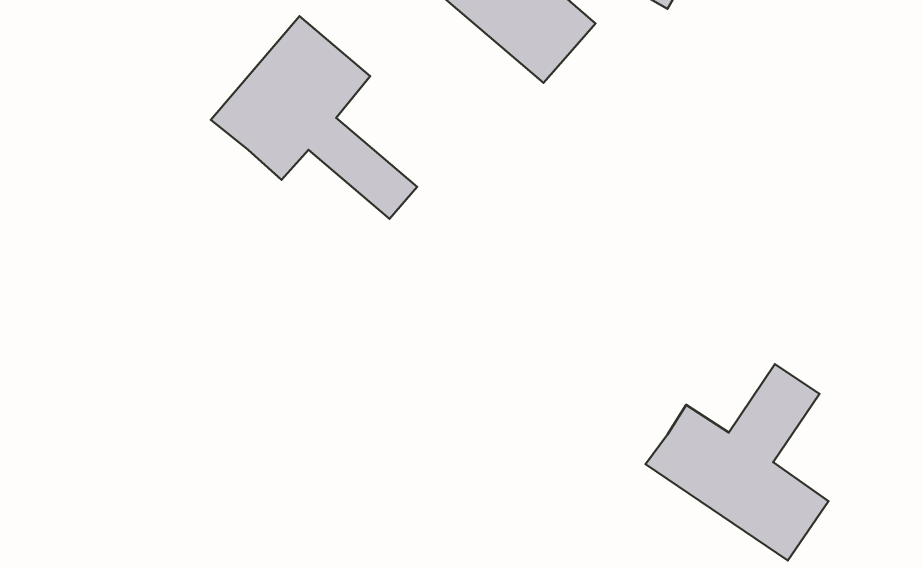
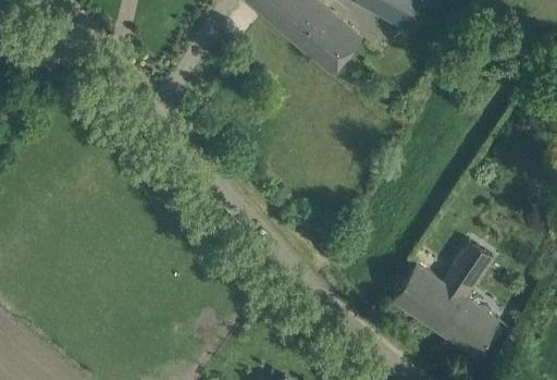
building: [211,16,417,219] -> none

